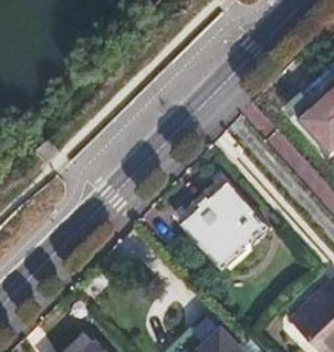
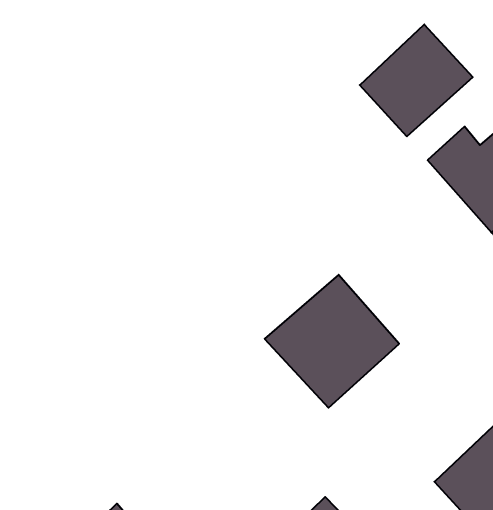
building: none -> [360,24,473,136]

